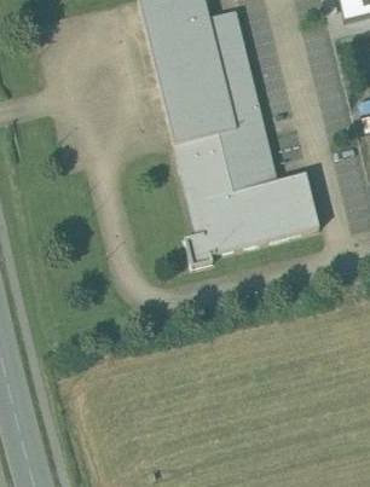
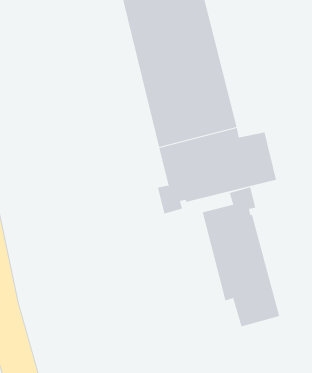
building: none -> [202,186,280,327]

